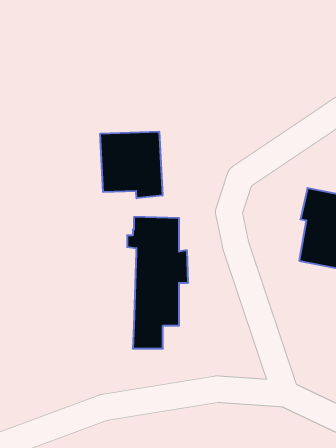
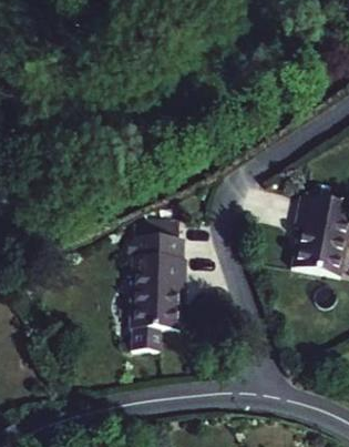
building: [100,132,162,198] -> none

